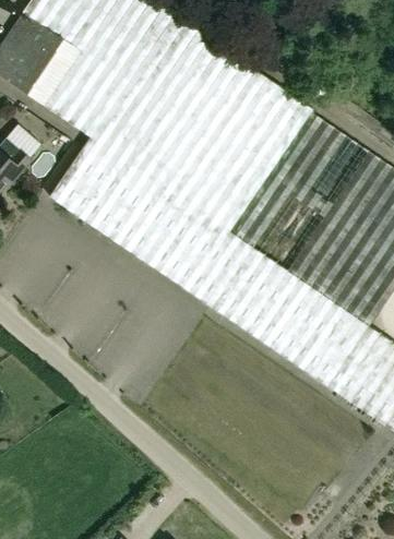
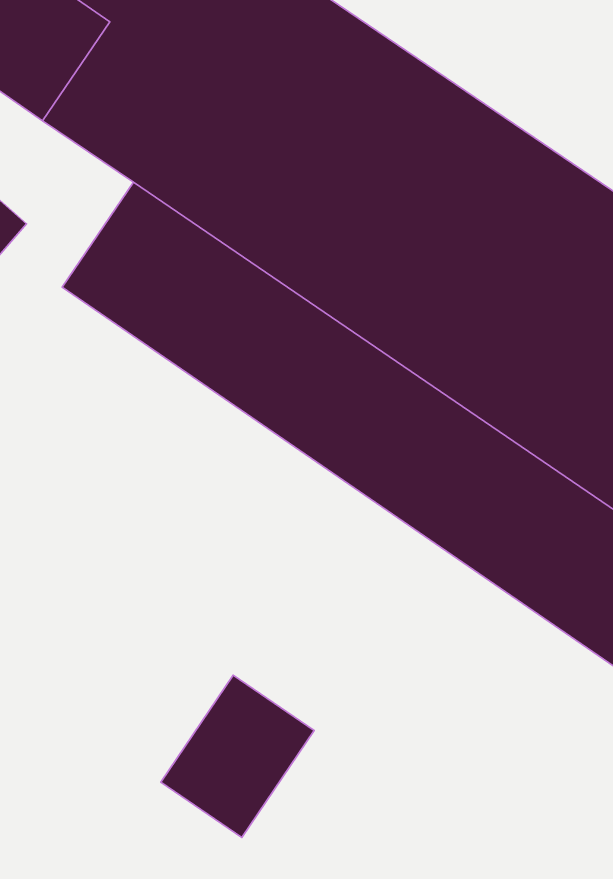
building: none -> [161,675,314,838]

